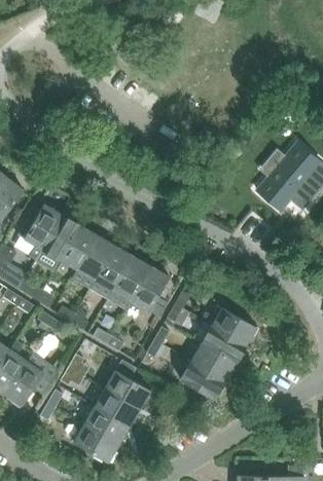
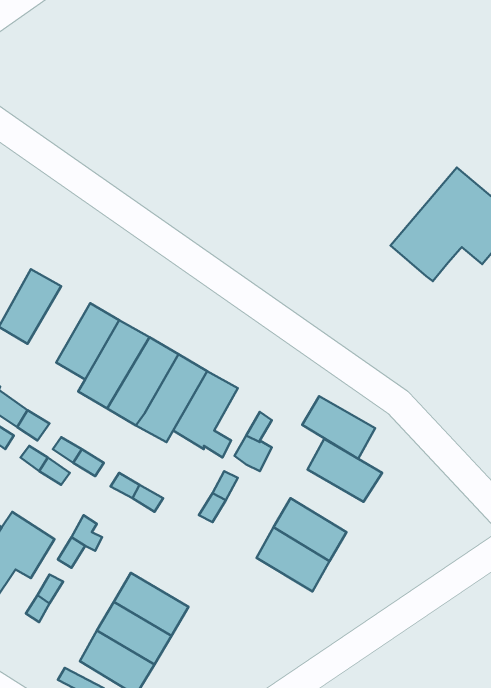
building: [36,215,79,269] -> none
building: [201,326,245,364] -> [302,396,375,459]
building: [104,370,149,409] -> none

